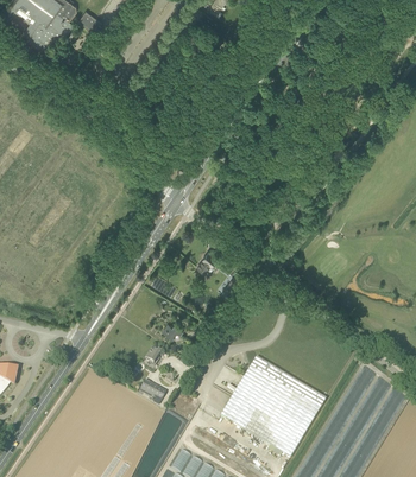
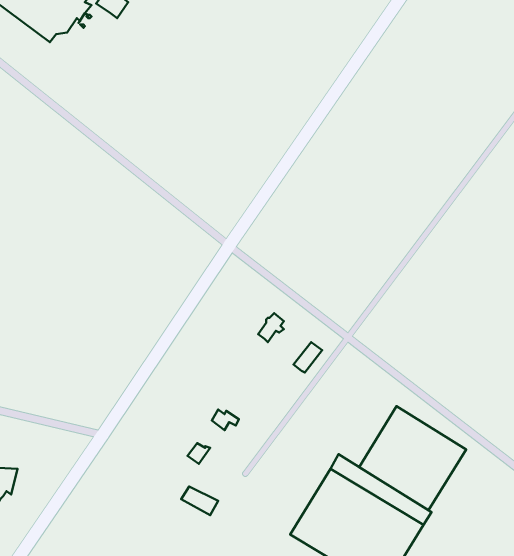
building: none -> [359,406,466,510]

